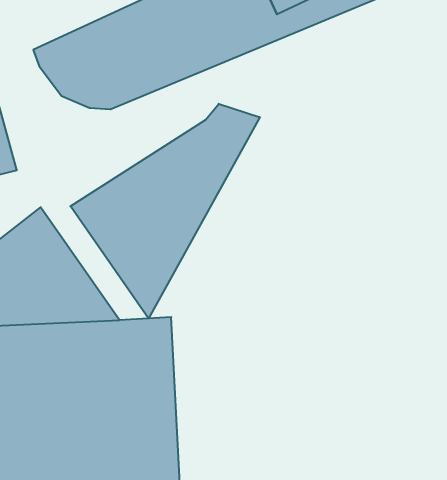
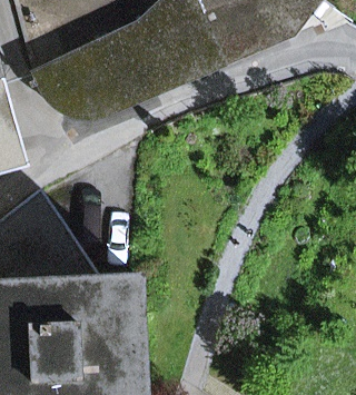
building: [70,104,260,318] -> none

